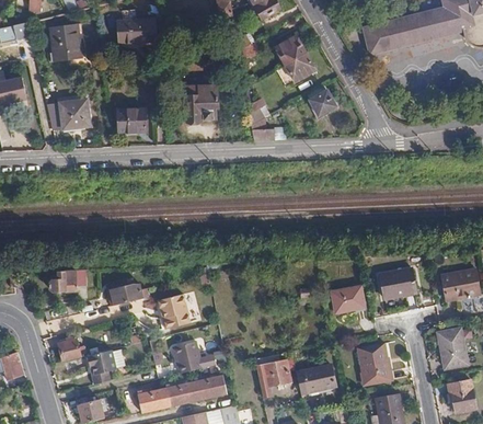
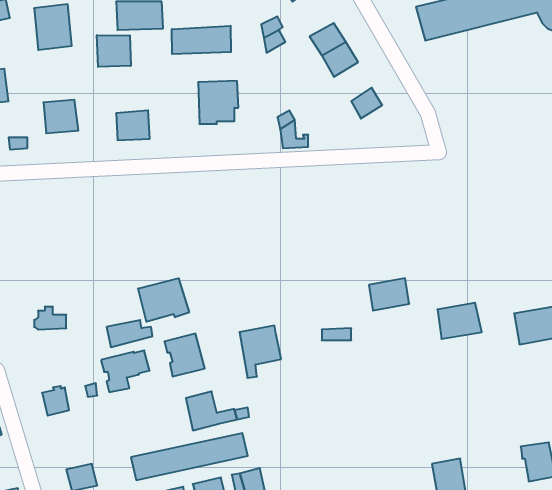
building: none -> [172,26,231,54]
building: none -> [97,35,131,67]
building: none -> [138,278,189,322]
building: [333,287,366,313] -> [369,278,409,311]
building: [442,330,468,368] -> none
building: [357,343,390,385] -> none
building: [87,346,126,380] -> [101,350,150,392]
building: [255,352,289,394] -> [239,326,281,378]
building: [303,365,335,391] -> none

